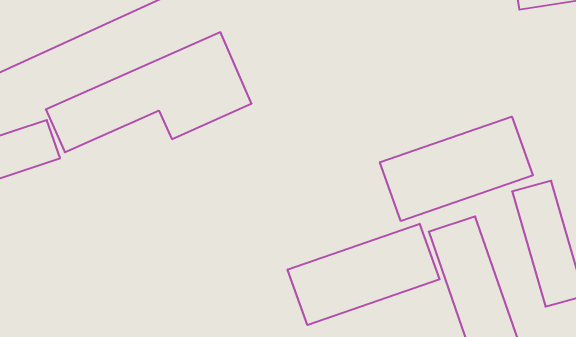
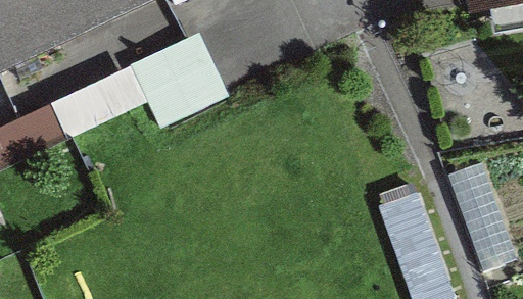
building: [380,117,533,221] -> none
building: [288,224,440,325] -> none

